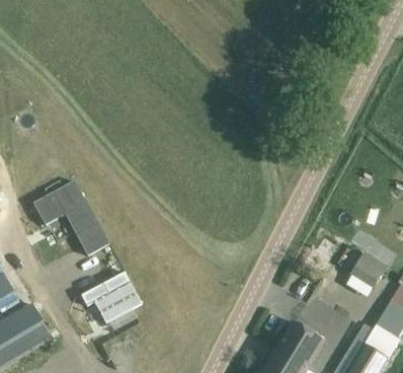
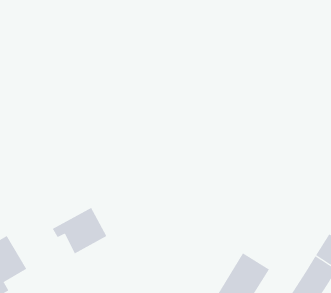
building: [32,179,109,255] -> none
building: [348,250,386,288] -> none

